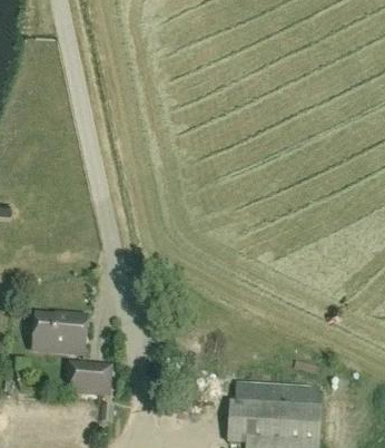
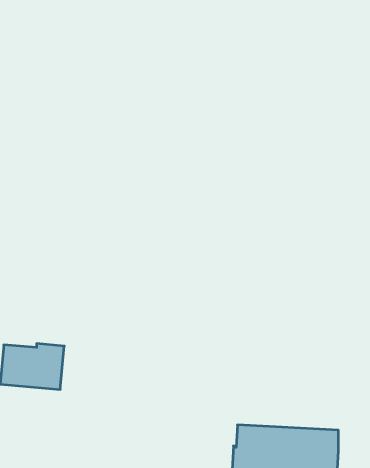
building: [68,363,110,393] -> none

